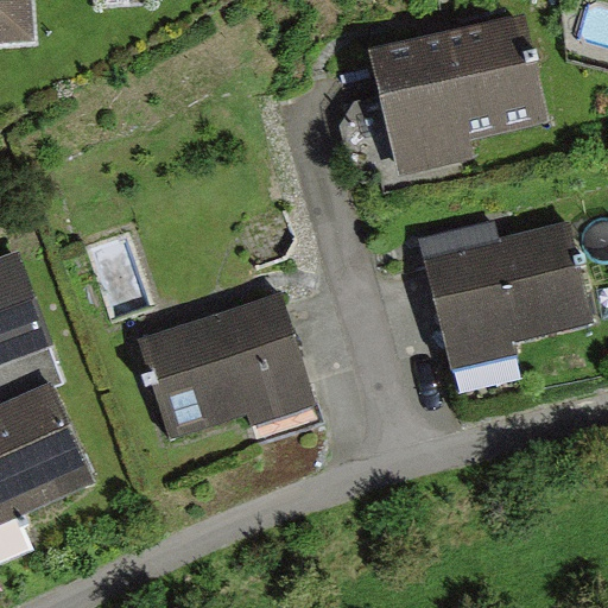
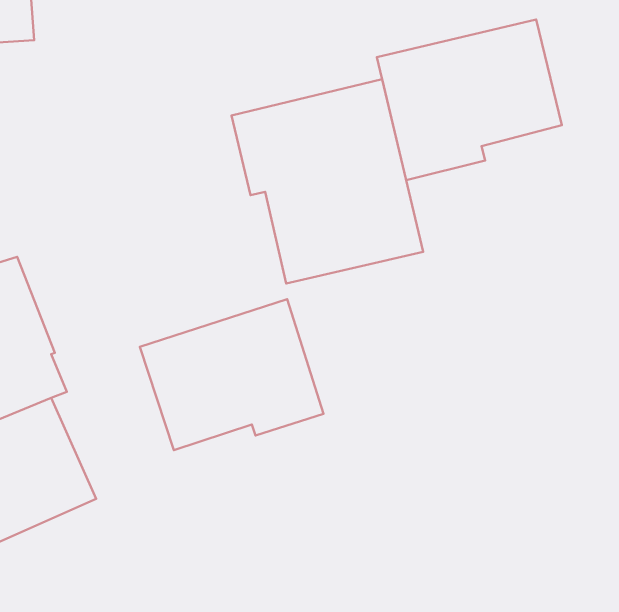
building: none -> [231,79,423,283]
building: [416,220,593,370] -> none

